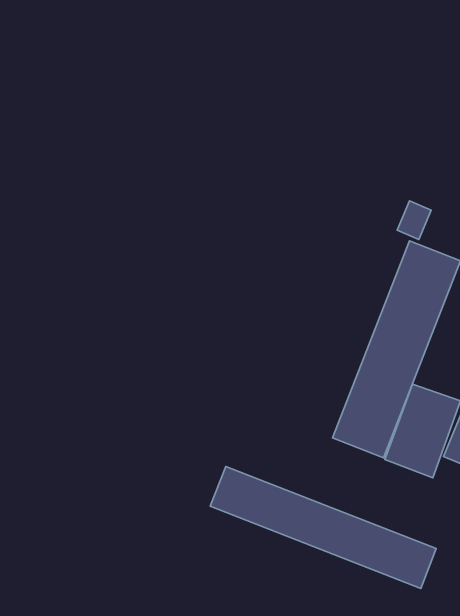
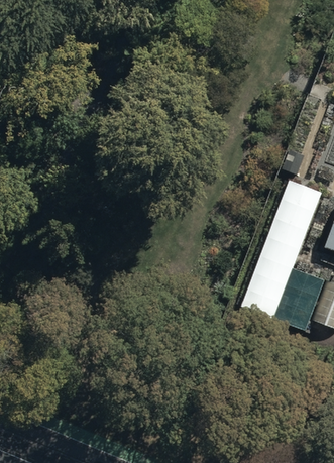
building: [210,466,436,588] -> none

